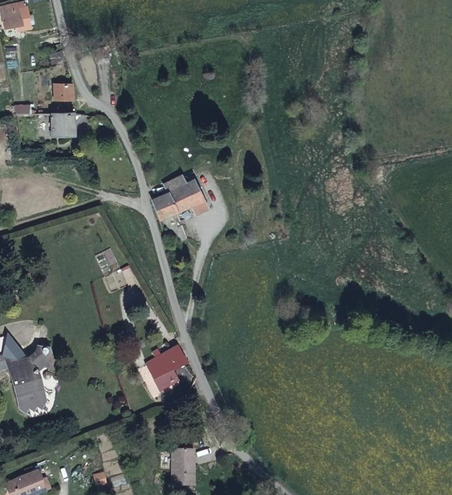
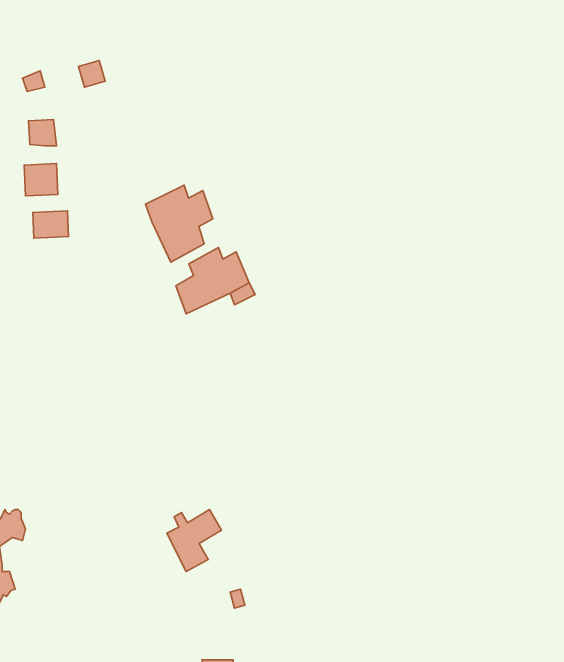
building: none -> [146,185,213,262]
building: none -> [33,211,69,238]

